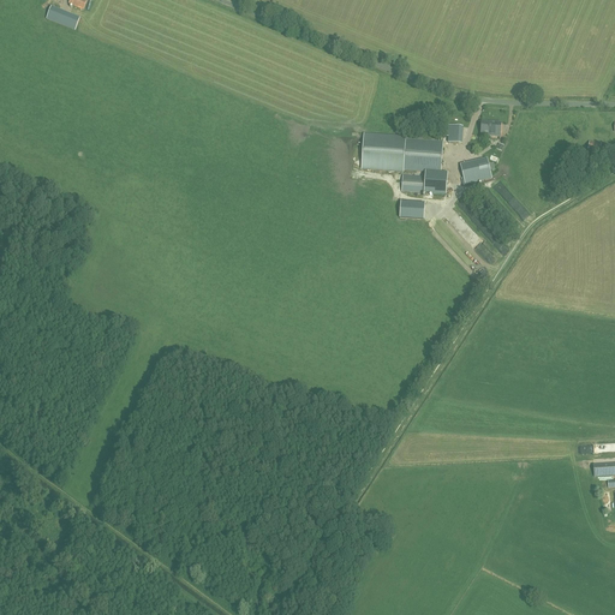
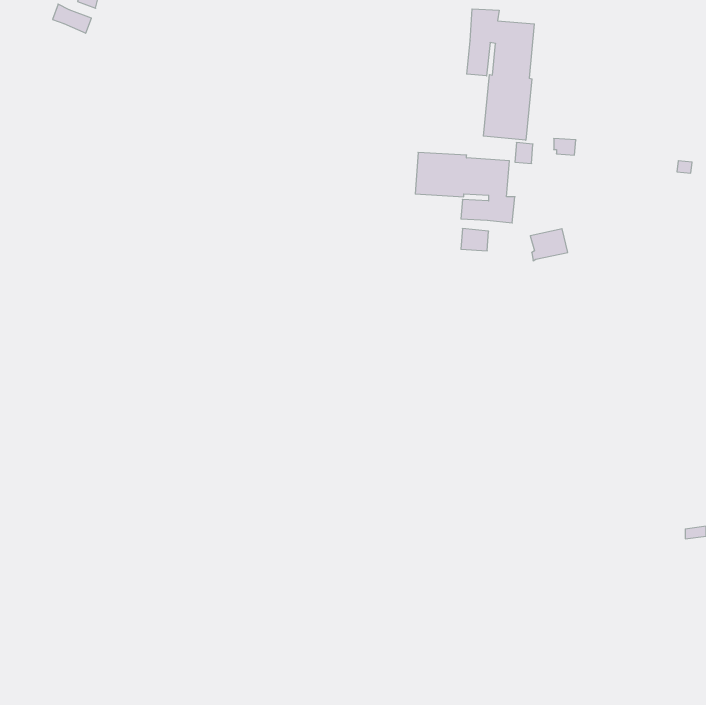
building: none -> [467,9,534,140]
building: [459,156,491,184] -> [530,229,568,261]

